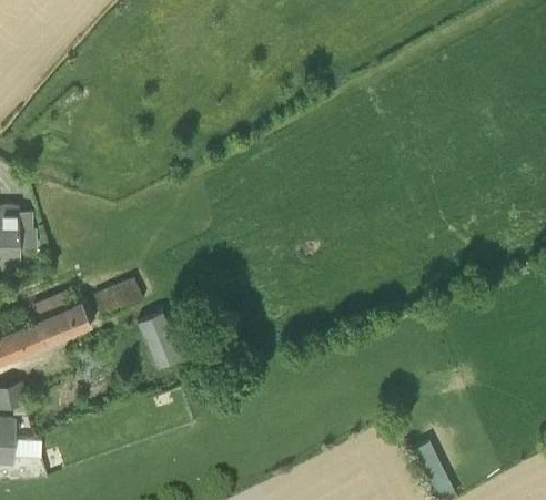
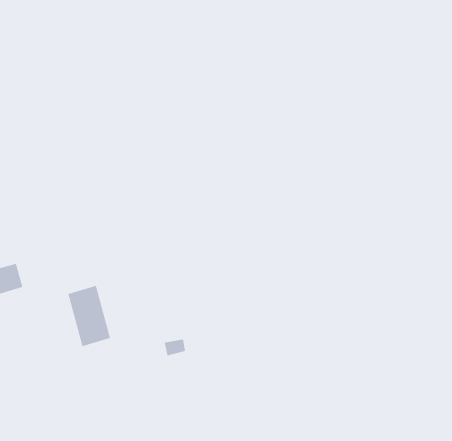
building: [91,278,142,318] -> none

